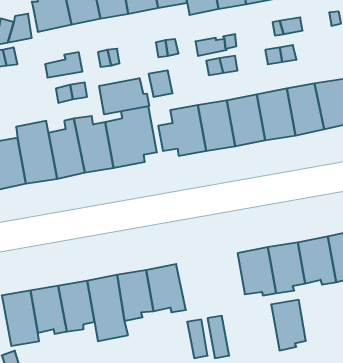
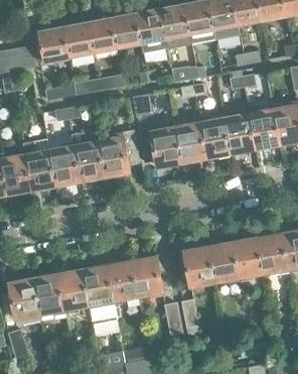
building: [99,78,149,114] -> none
building: [271,300,306,350] -> [184,248,213,290]

